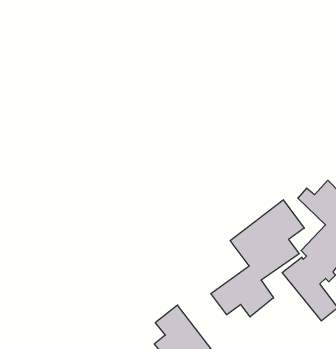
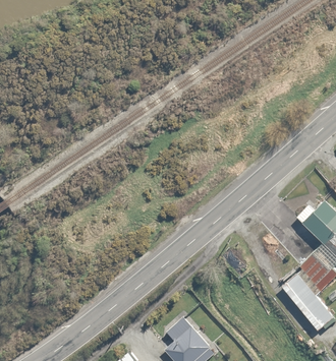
building: [211,200,304,317] -> none

